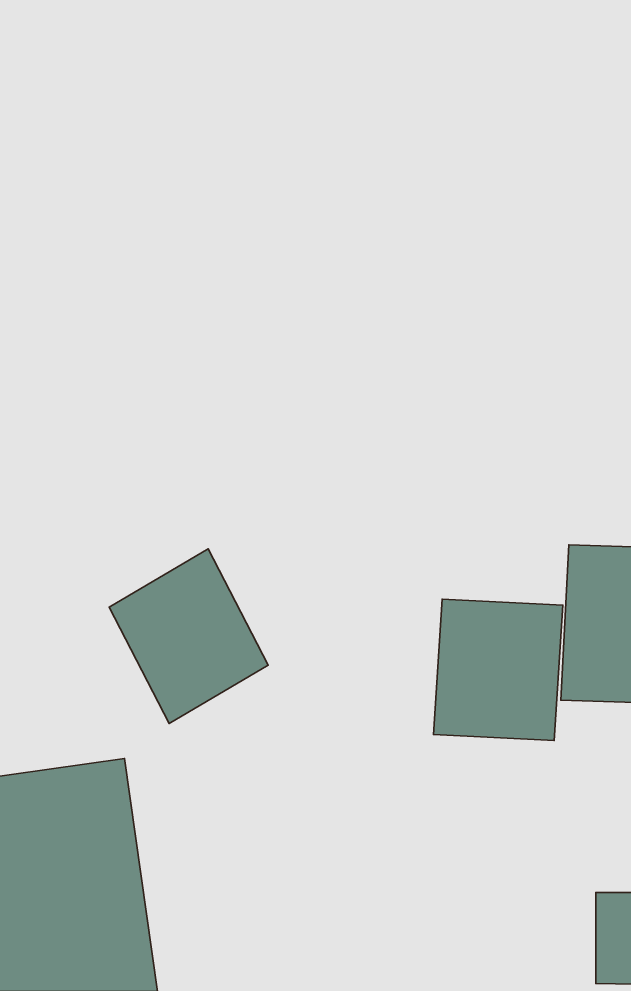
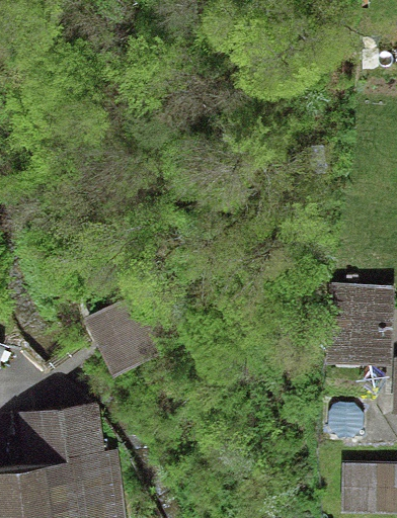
building: [433,599,563,740] -> none

